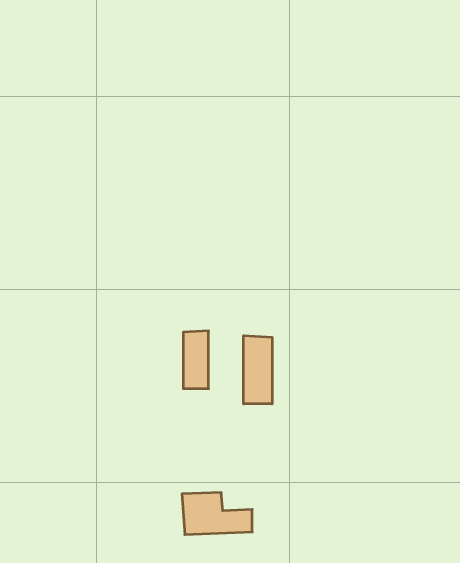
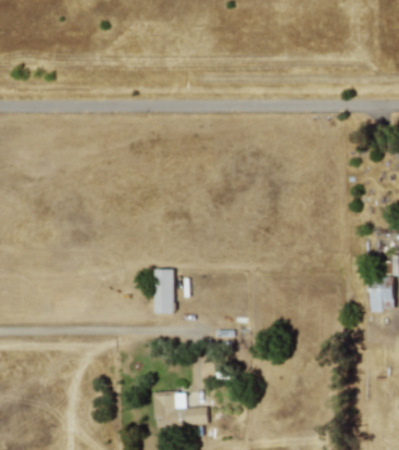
building: [244,336,272,404] -> none

